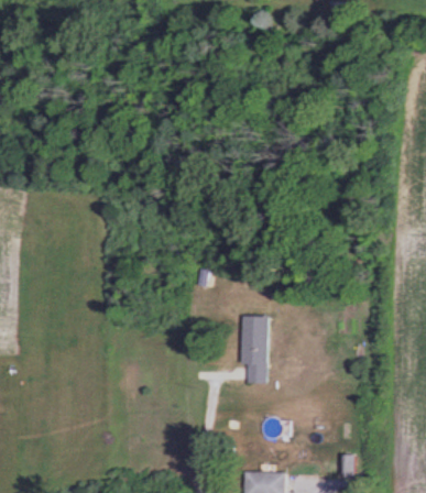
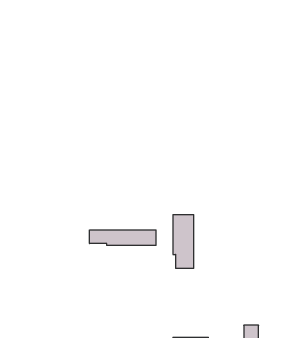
building: none -> [90,230,156,245]

